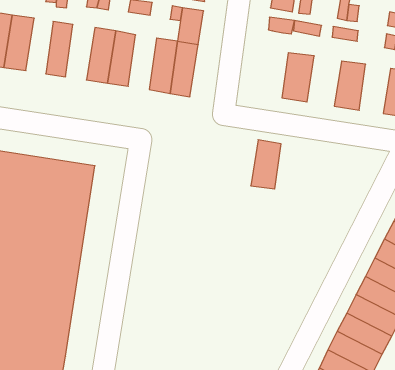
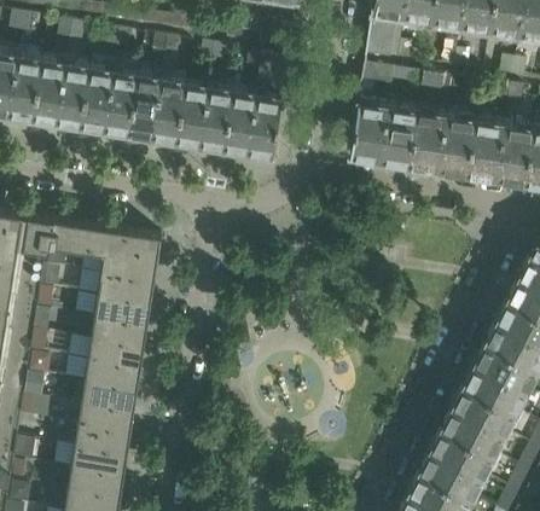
building: none -> [82,68,114,132]
building: none -> [128,75,162,139]
building: none -> [201,87,233,150]
building: none -> [407,111,447,169]
building: none -> [468,121,504,178]
building: [251,140,281,189] -> [350,103,385,159]

